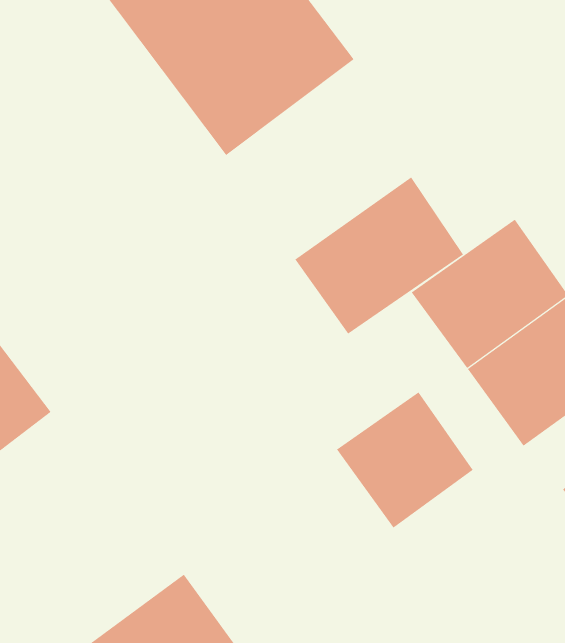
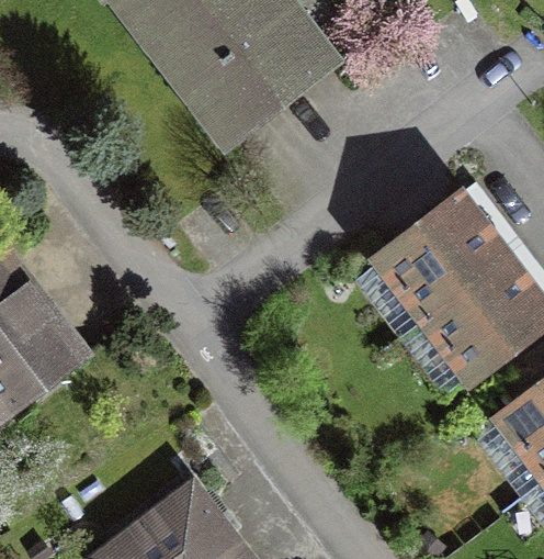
building: [294,177,464,335] -> none
building: [336,391,474,529] -> none

